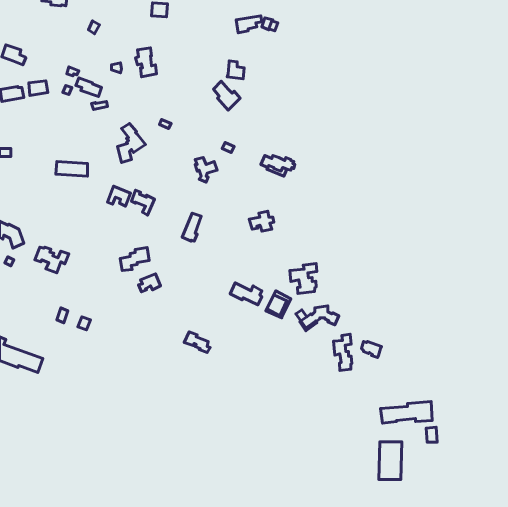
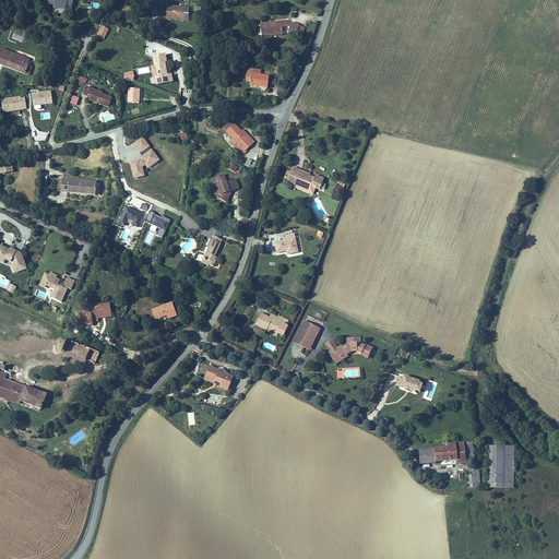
building: [213,81,240,110] -> [224,121,253,153]
building: [120,248,149,271] -> [80,300,111,325]
building: [290,263,317,293] -> none
building: [333,334,352,370] -> none
building: [379,442,402,480] -> [488,444,513,486]

